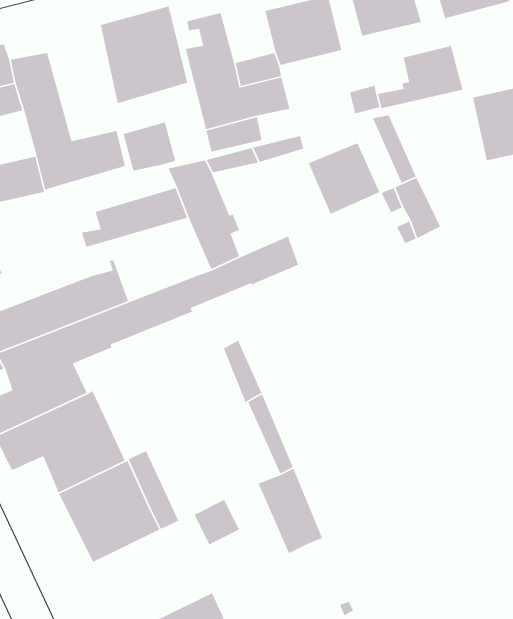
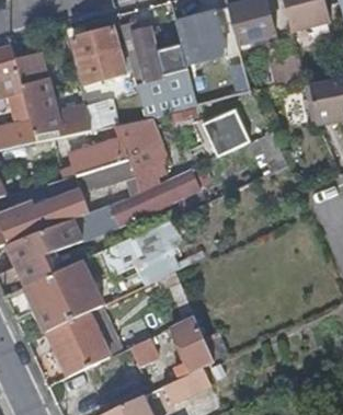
building: none -> [62,159,141,196]
building: none -> [163,365,213,405]

